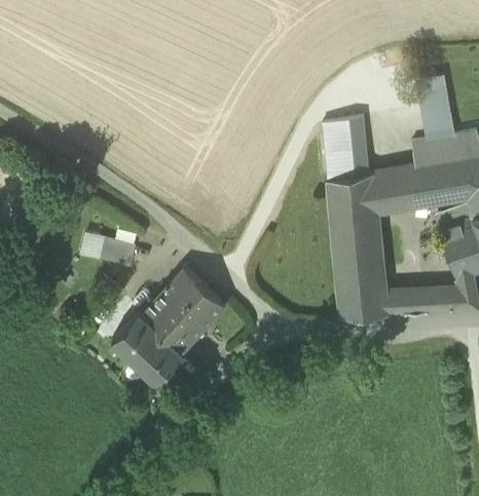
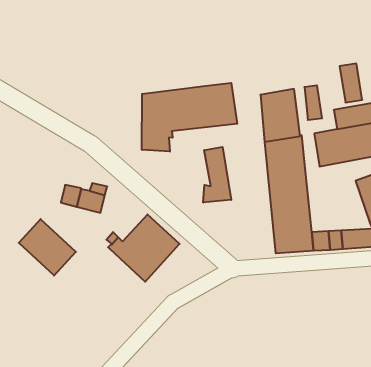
building: none -> [142,83,237,152]
building: [373,170,395,213] -> [304,85,322,120]
building: none -> [203,147,231,203]
building: [112,311,182,380] -> [19,219,76,276]

